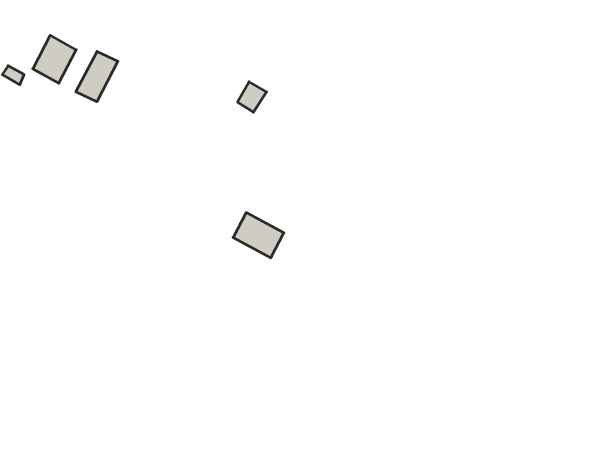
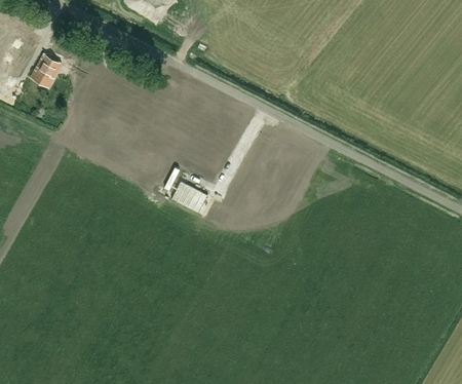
building: [76,51,118,102] -> none

